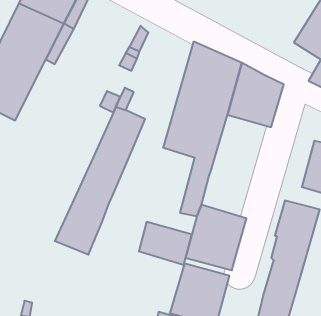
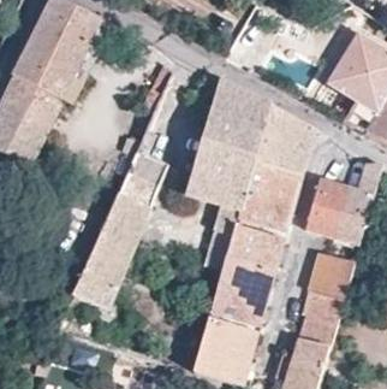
building: none -> [239,159,303,231]
building: none -> [306,179,349,236]
building: [139,222,192,265] -> [228,224,285,270]

